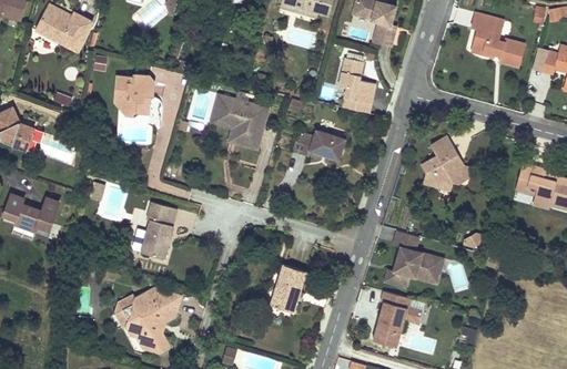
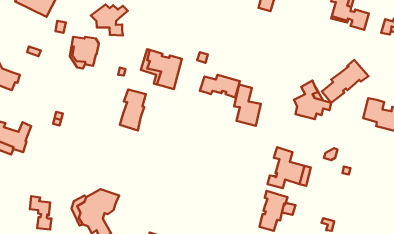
building: none -> [91,4,128,35]
building: [337,57,374,113] -> [234,85,261,126]
building: none -> [322,60,368,103]
building: [141,201,176,257] -> [120,89,146,130]
building: [271,264,306,311] -> none
building: none -> [30,196,51,230]

